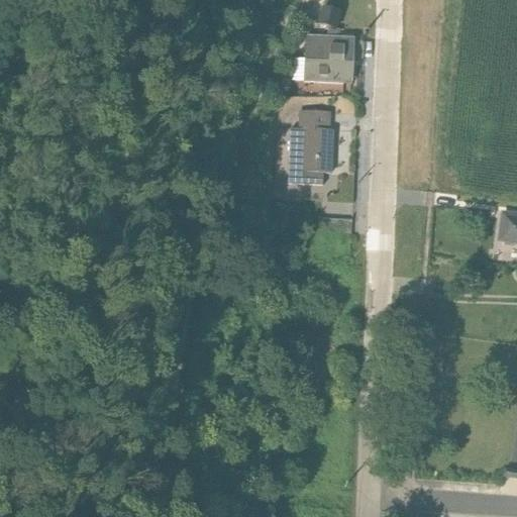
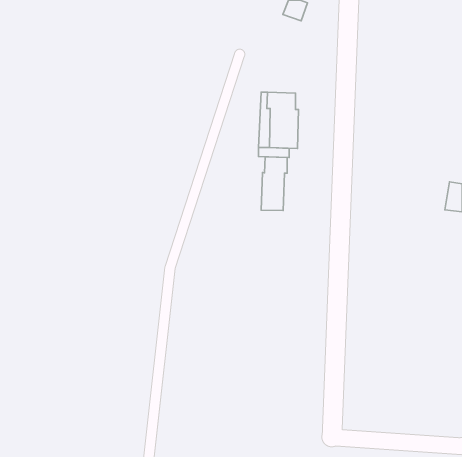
building: [304,32,355,83] -> none
building: none -> [261,157,287,211]

